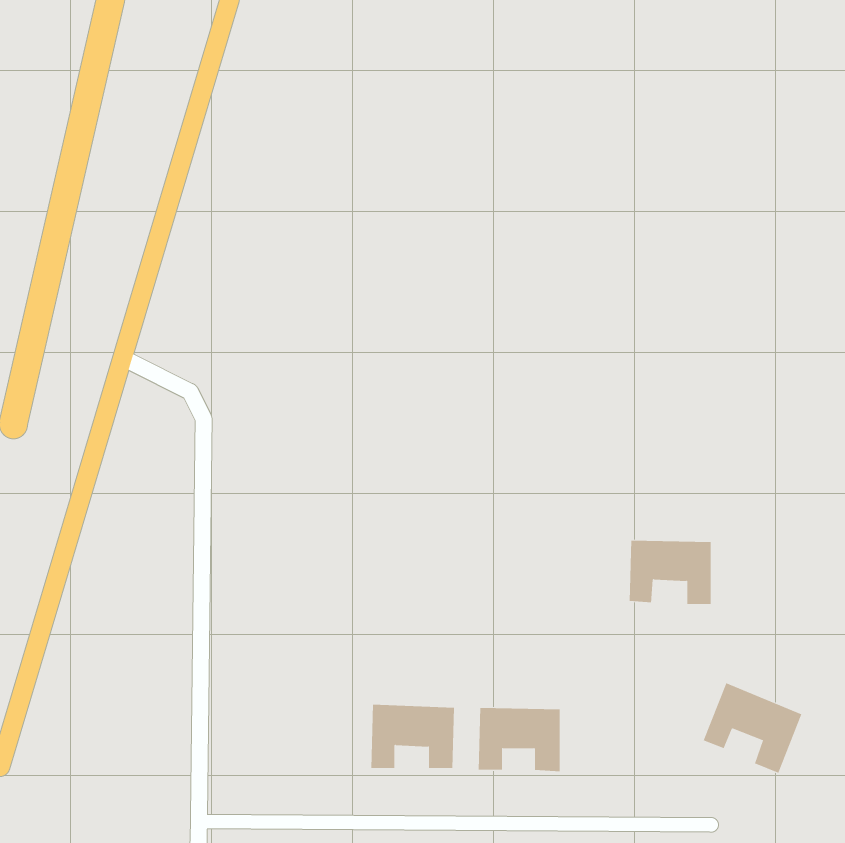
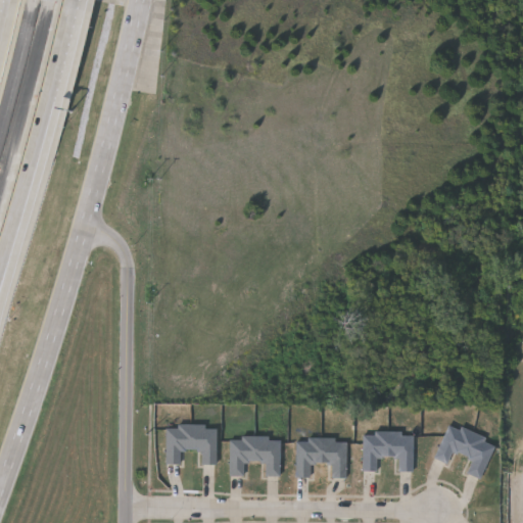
building: [629,540,711,605] -> [362,431,413,471]
building: none -> [165,425,217,464]

